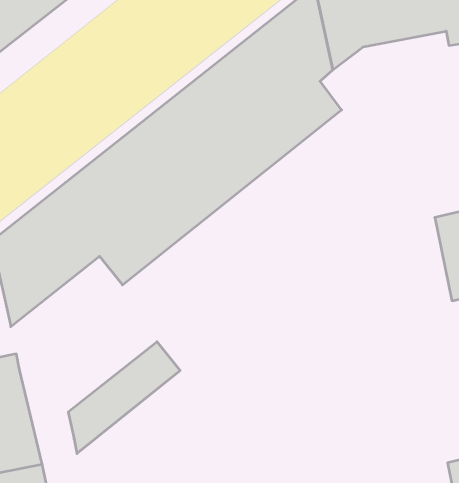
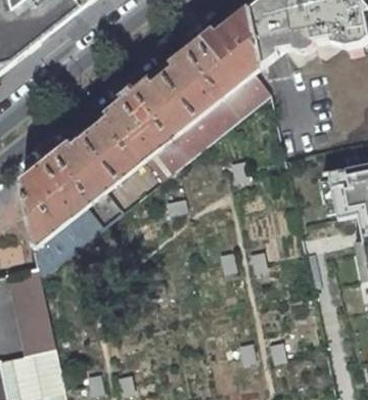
building: [68,342,180,454] -> [33,196,112,276]

